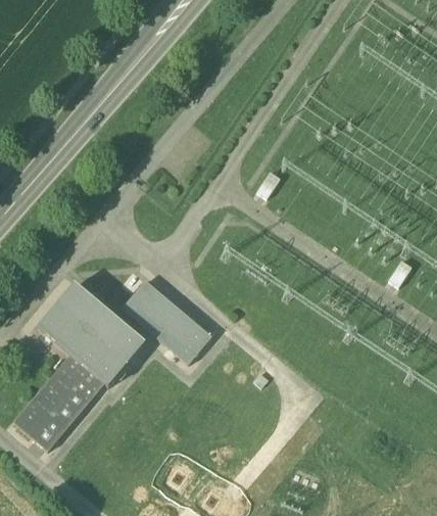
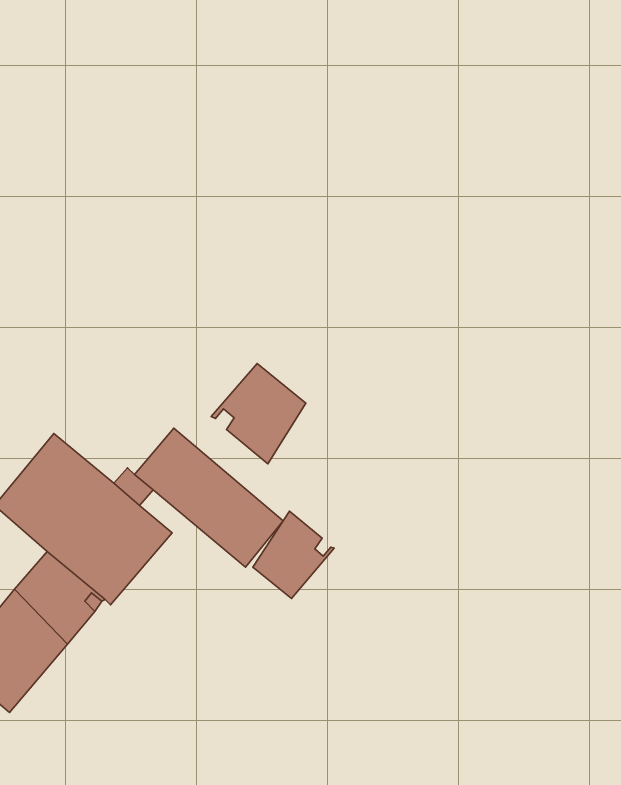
building: none -> [211,363,306,464]
building: none -> [253,511,334,598]

